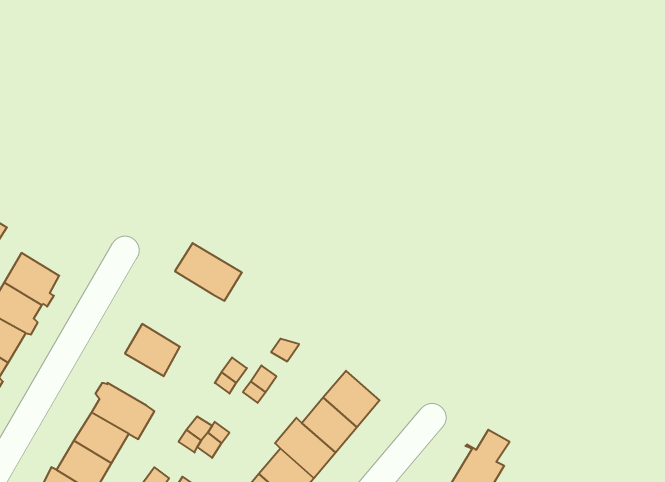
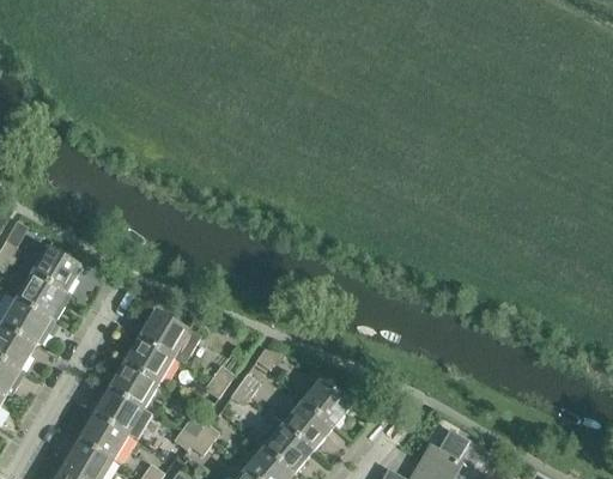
building: none -> [32,247,81,292]
building: [175,243,242,301] -> [140,310,200,362]
building: none -> [109,362,159,408]

